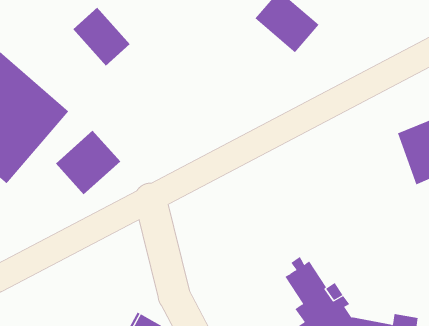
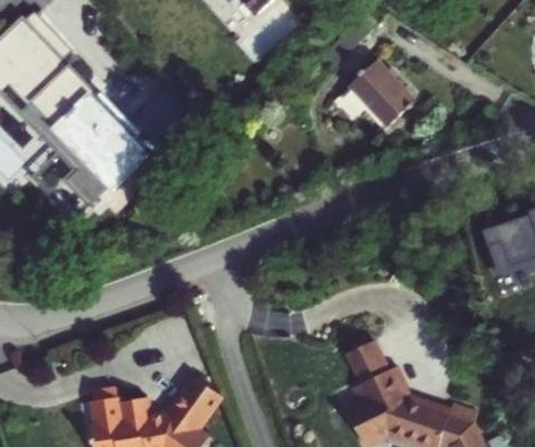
building: [72,7,130,67] -> none
building: [55,130,121,195] -> none

